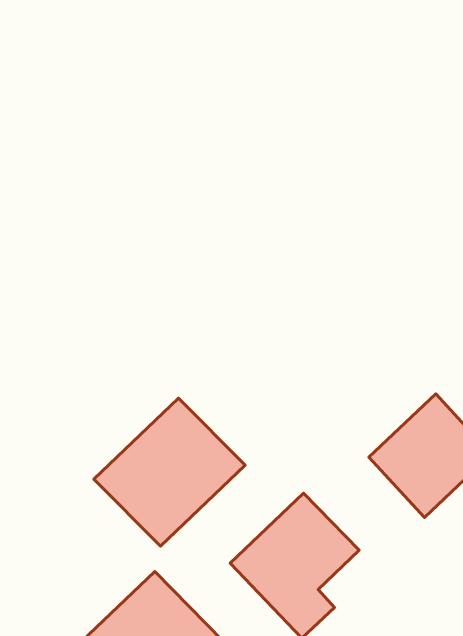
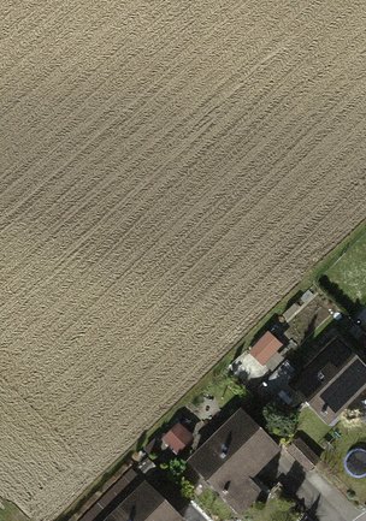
building: [94,398,245,546] -> none

